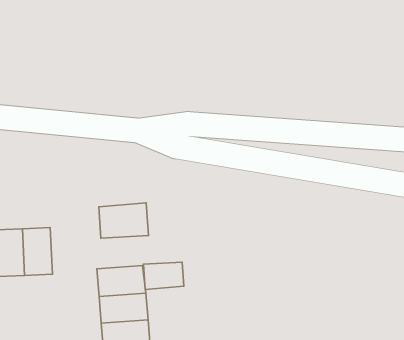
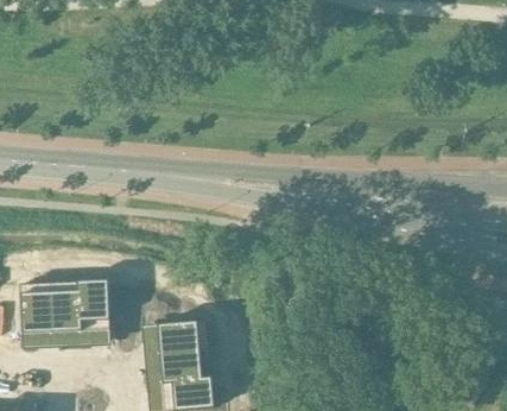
building: [99,203,149,238] -> none
building: [143,262,184,289] -> none

